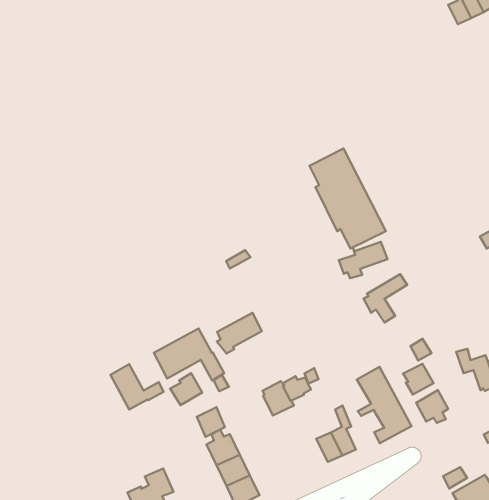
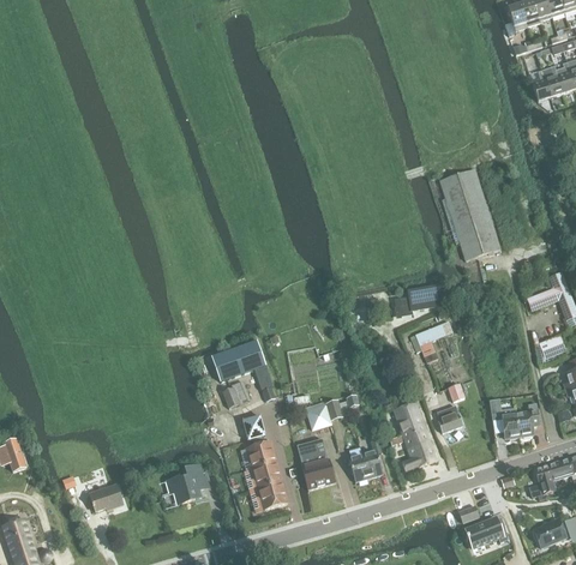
building: [309,148,386,249] -> [439,167,499,259]
building: [217,313,262,354] -> none
building: [110,364,164,409] -> none
building: [416,390,448,423] -> none
building: none -> [296,437,335,488]

